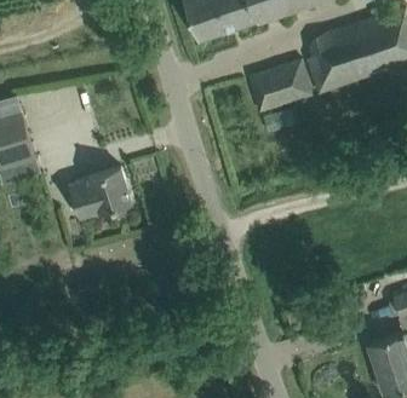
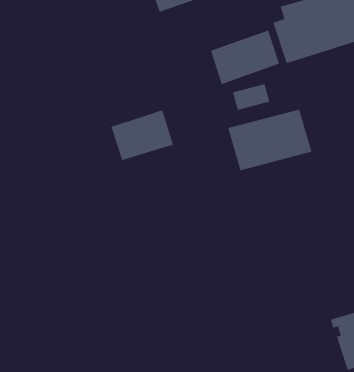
building: none -> [228,109,312,171]
building: [69,168,132,219] -> [110,109,174,161]

